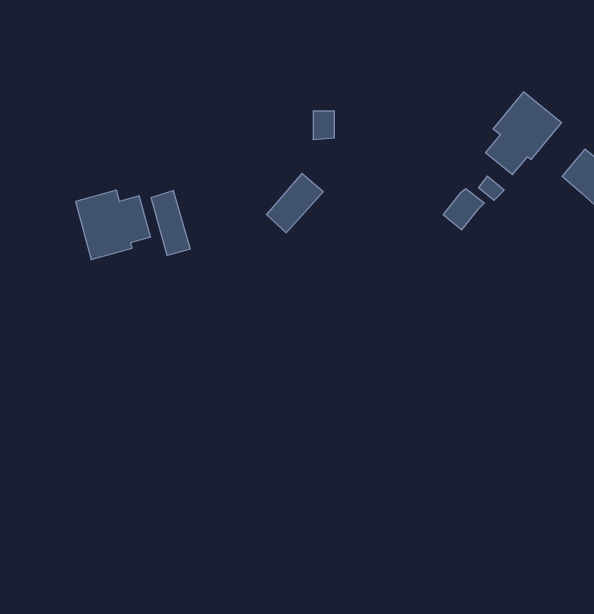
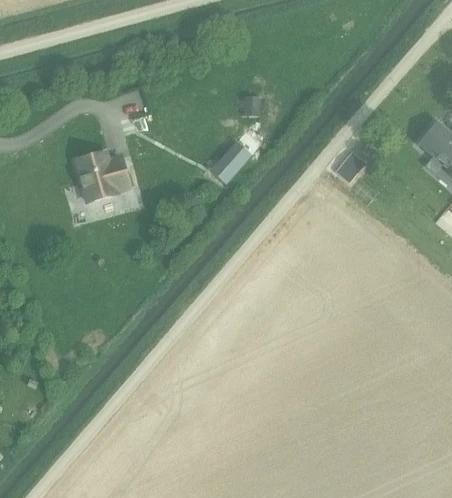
building: [486,92,562,175] -> none
building: [151,190,190,255] -> none

